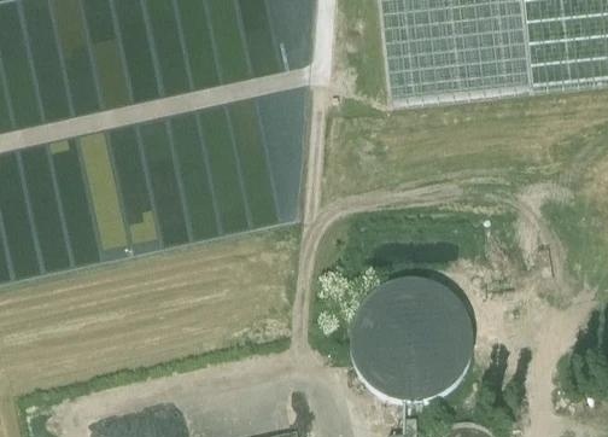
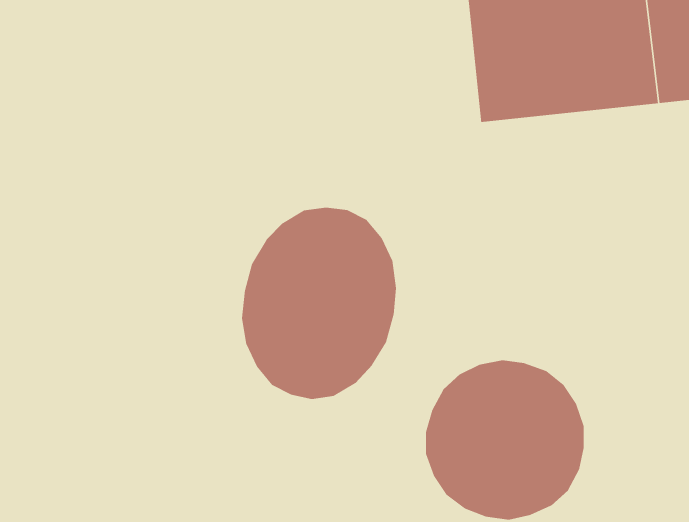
building: none -> [241,207,397,400]

